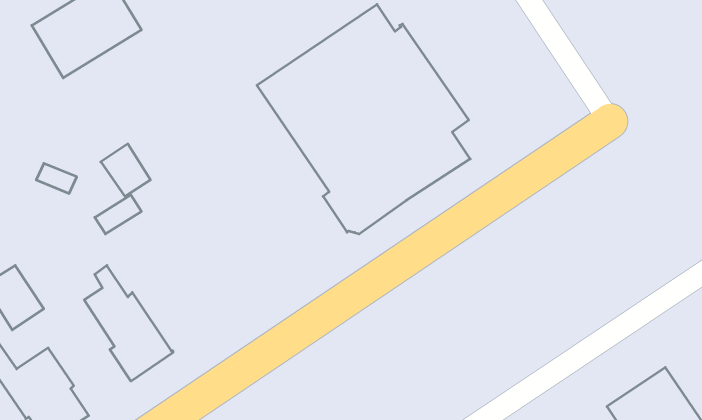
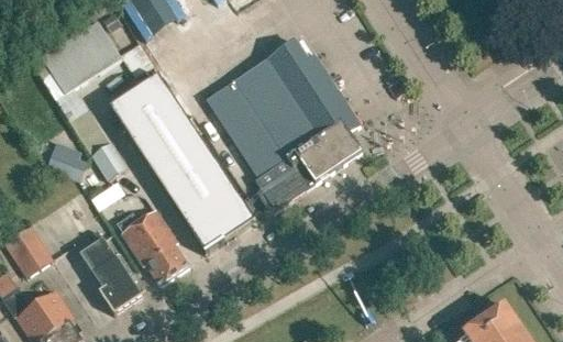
building: none -> [108,74,254,252]
building: none -> [117,208,188,283]

